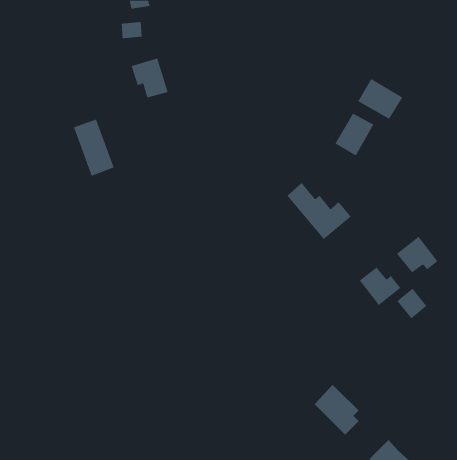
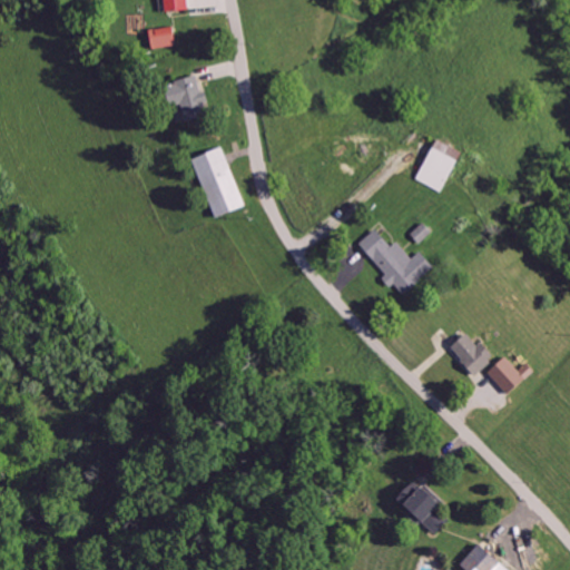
building: [357,78,403,120] -> none
building: [73,119,115,177] -> [193,147,244,218]
building: [396,236,438,273] -> none

